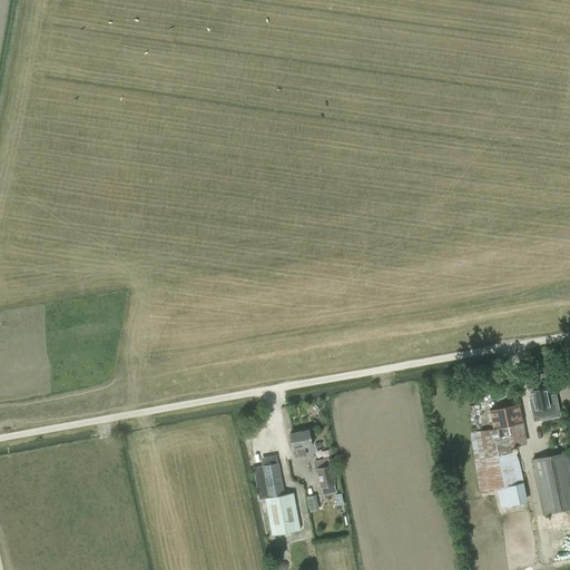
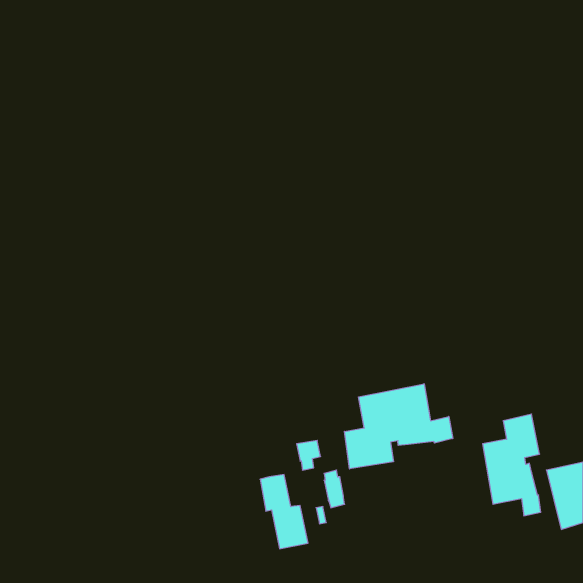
building: none -> [344,384,453,469]
building: [530,389,552,421] -> none

